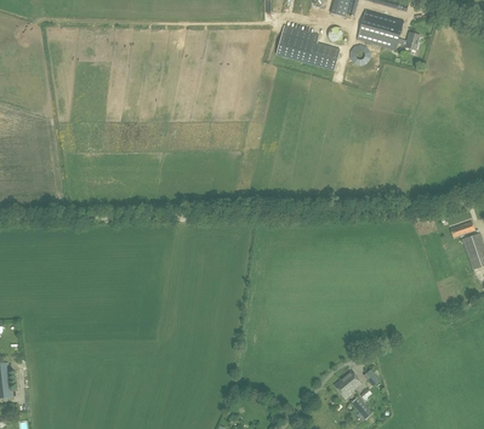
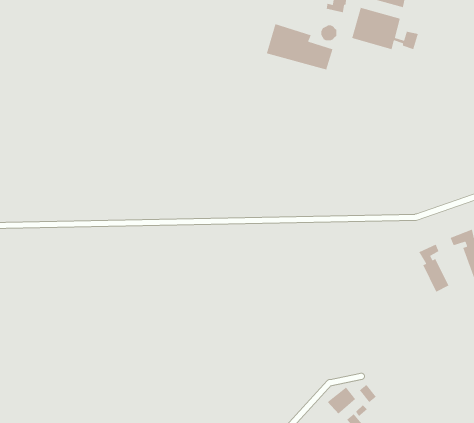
building: none -> [418,243,449,293]

